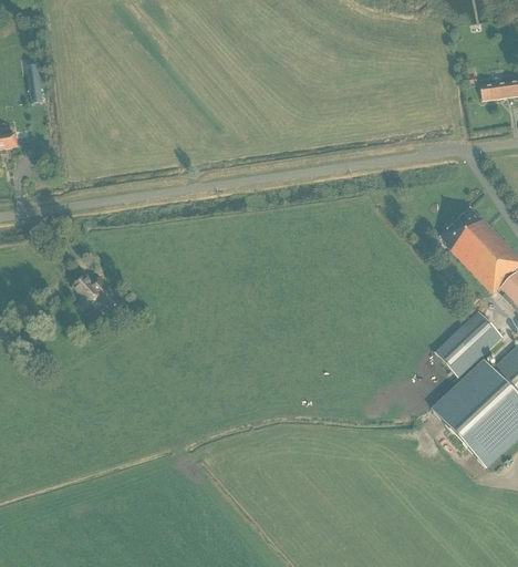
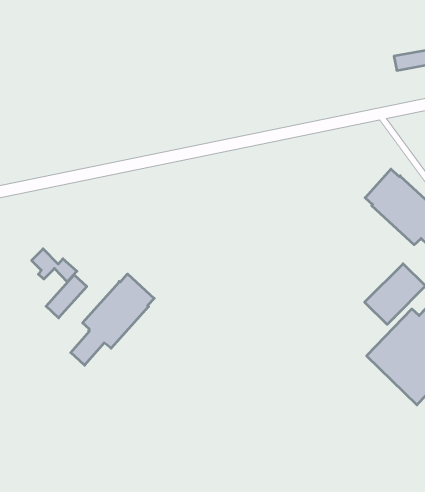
building: none -> [46,275,87,318]
building: none -> [71,274,154,365]

